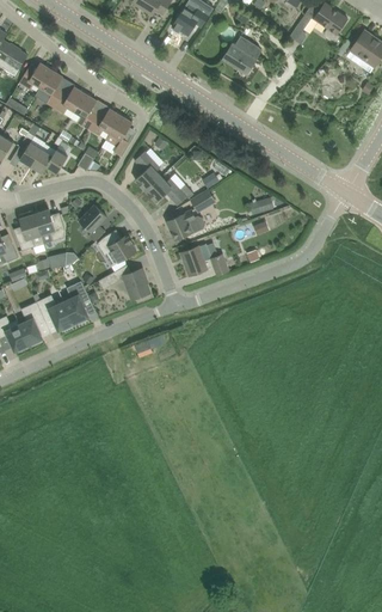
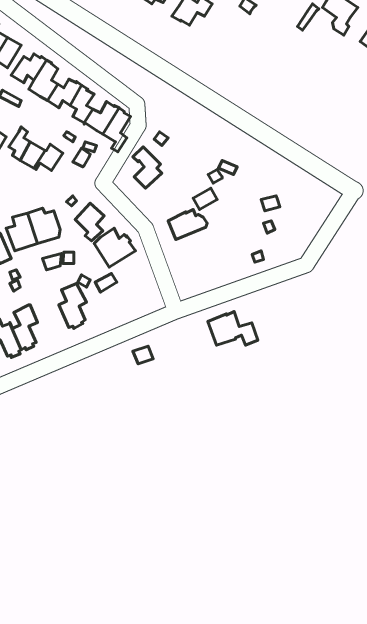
building: [222,36,260,74] -> none
building: [146,176,192,204] -> none
building: [180,243,228,275] -> [208,311,258,345]
building: [122,268,149,299] -> none
building: [36,294,73,330] -> none

